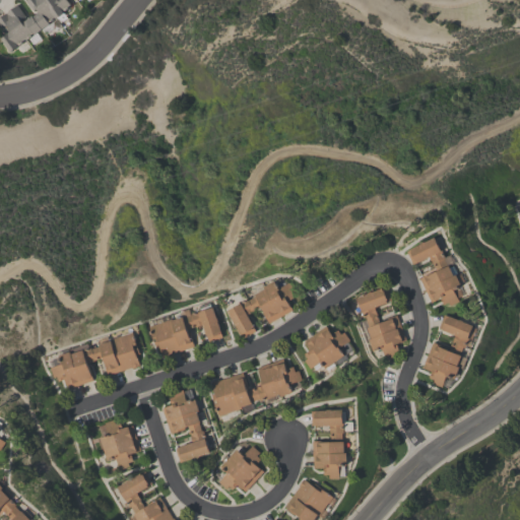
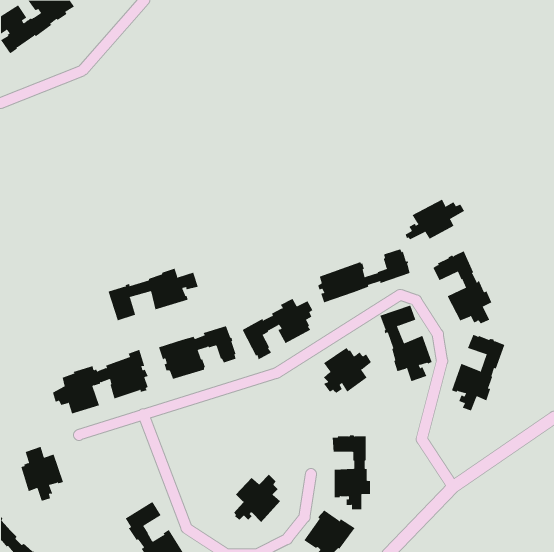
building: none -> [405,199,465,240]
building: none -> [318,248,410,303]
building: none -> [108,268,199,321]
building: [210,360,301,417] -> none
building: [160,391,209,463] -> none
building: [100,418,140,470] -> [21,446,64,502]

